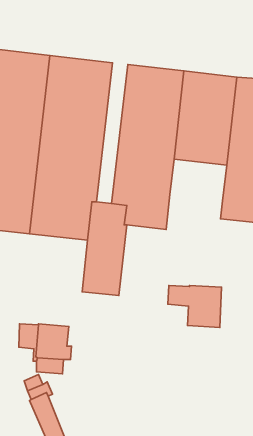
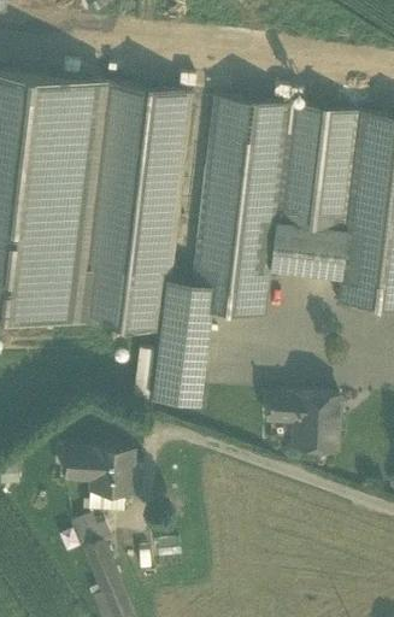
building: none -> [269,225,346,282]

